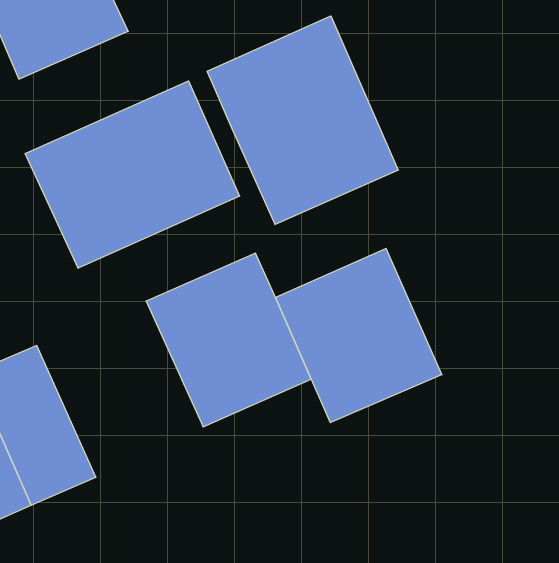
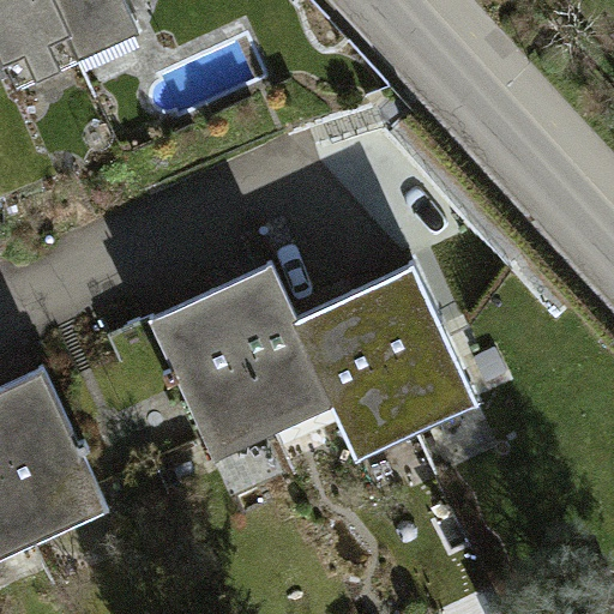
building: [207,16,398,225] -> none
building: [25,81,239,268] -> none

